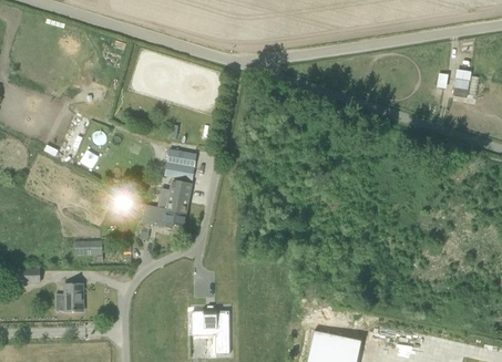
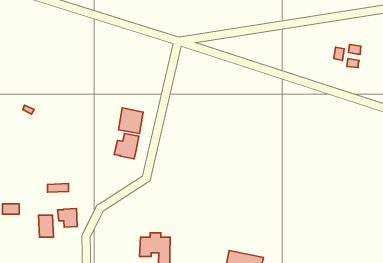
building: [148,206,185,226] -> none
building: none -> [58,209,77,227]

